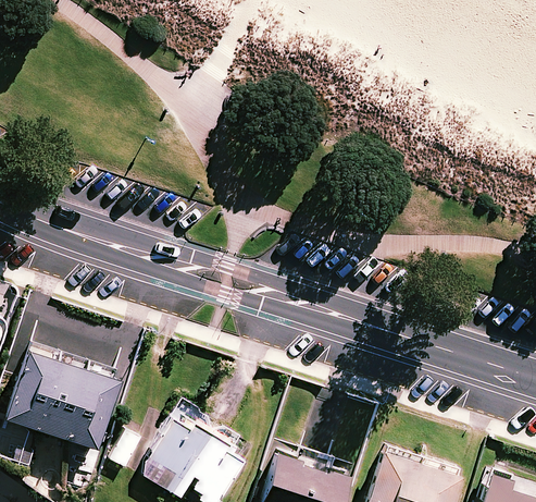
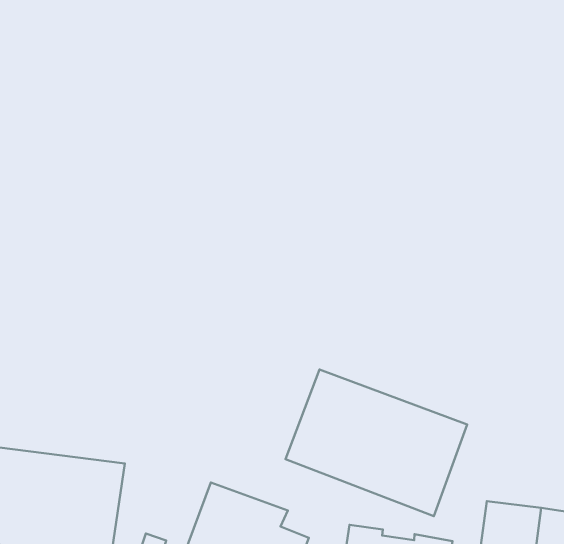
building: none -> [286,369,467,516]

